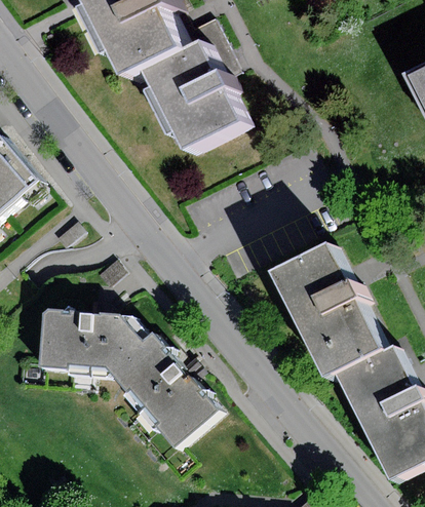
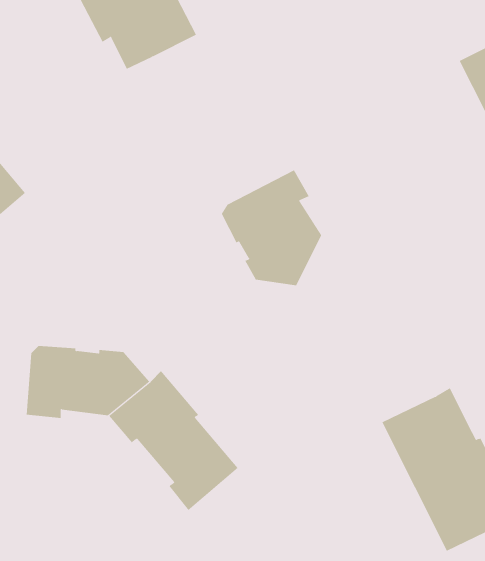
building: [146,41,243,152] -> none
building: none -> [221,170,322,286]
building: [270,244,382,381] -> none

